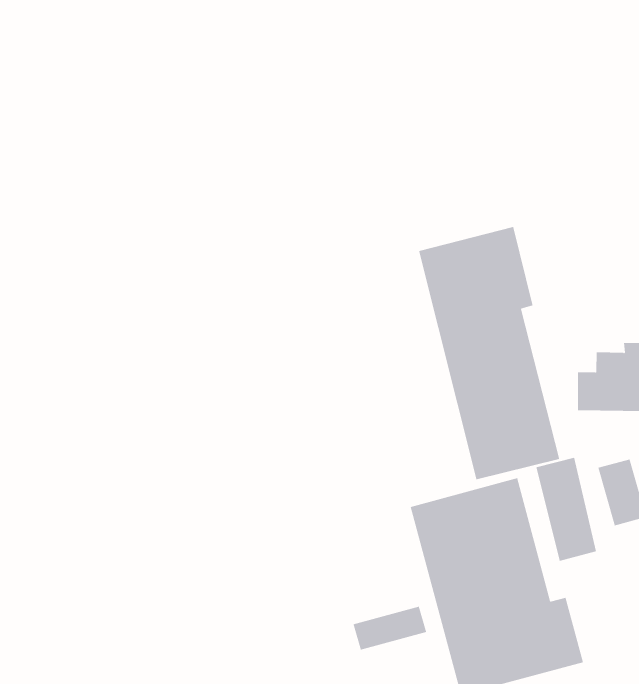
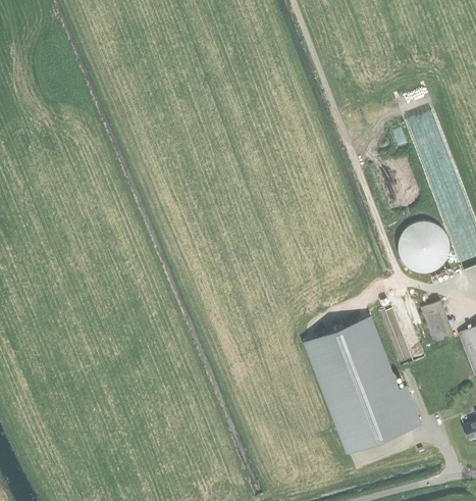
building: [419,226,560,480] -> none
building: [353,606,427,650] -> none

